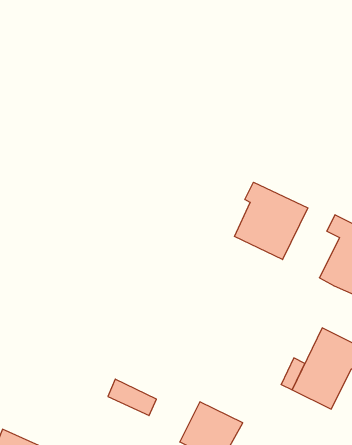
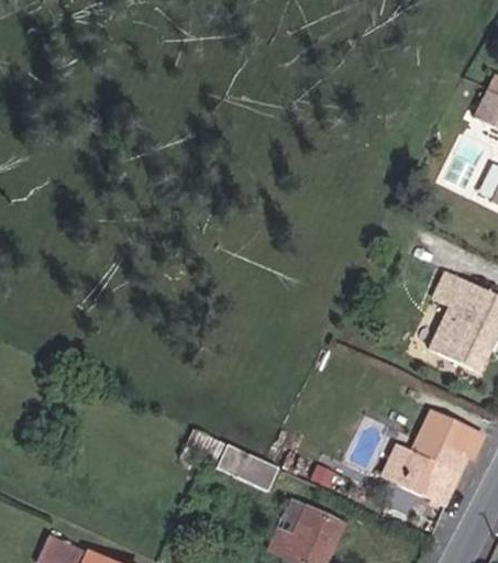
building: [234,182,308,260] -> none
building: [108,379,156,416] -> [211,438,269,482]

